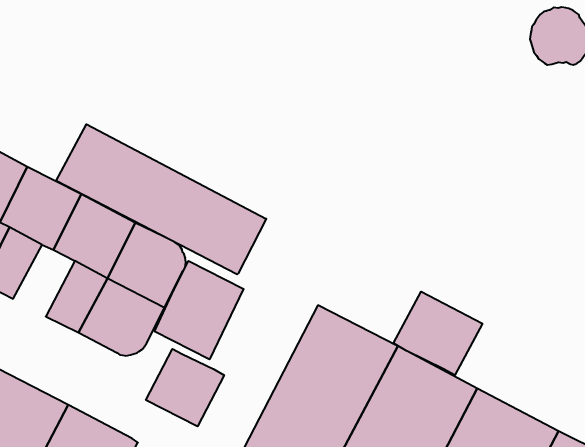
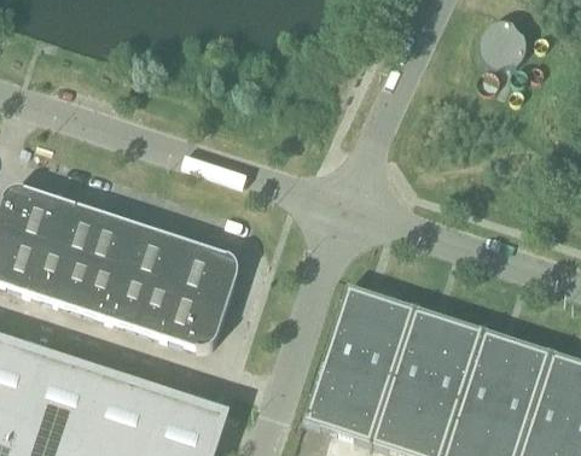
building: [56,124,266,274] -> none
building: none -> [109,271,152,327]
building: [155,261,244,359] -> none
building: [394,292,482,375] -> none
building: [146,349,224,426] -> none

